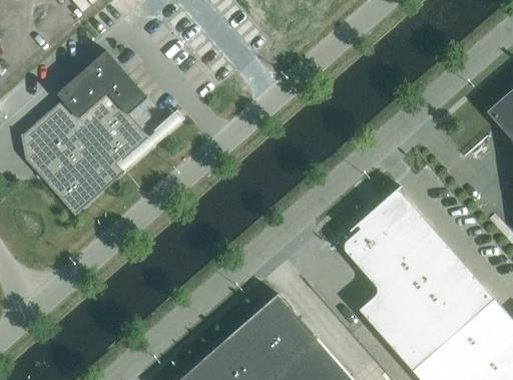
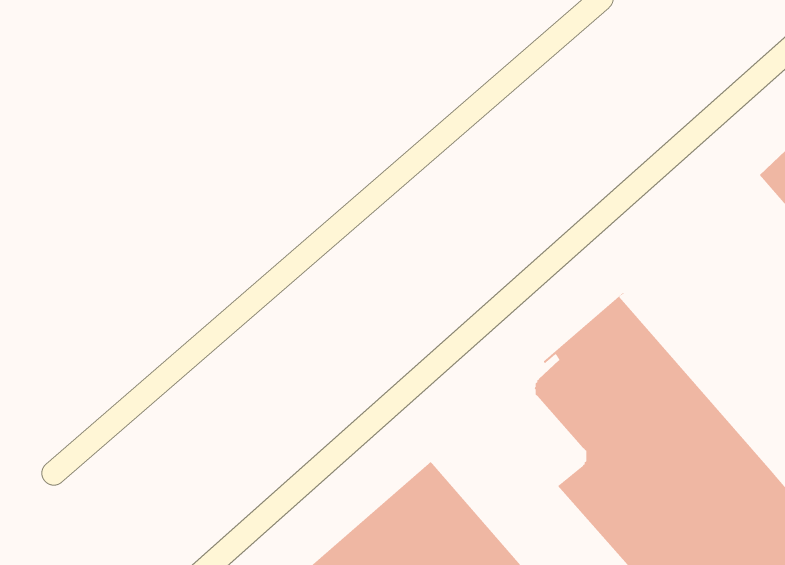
building: [21,51,148,216] -> none

